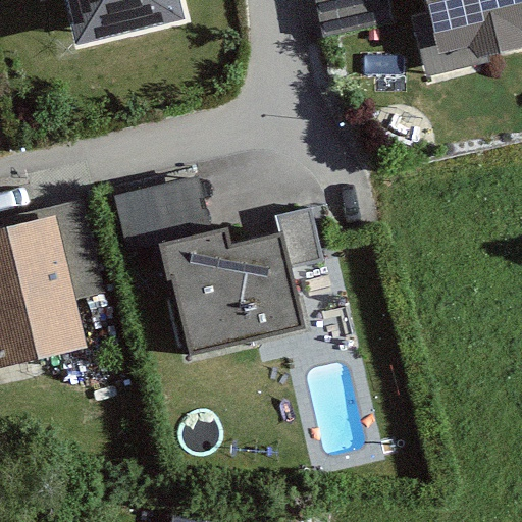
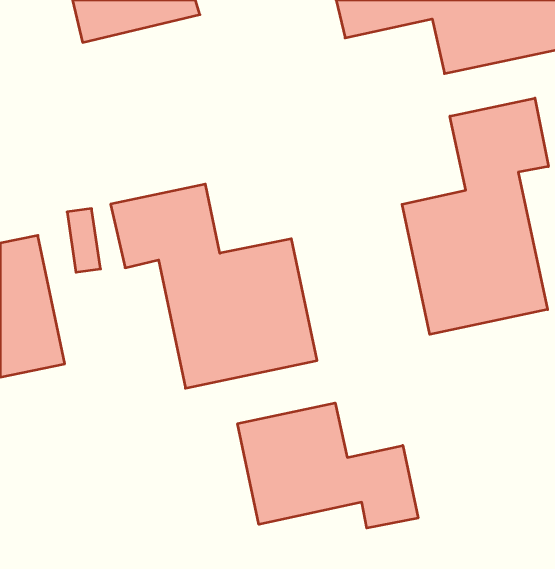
building: none -> [402,98,548,334]
building: none -> [238,403,418,528]

